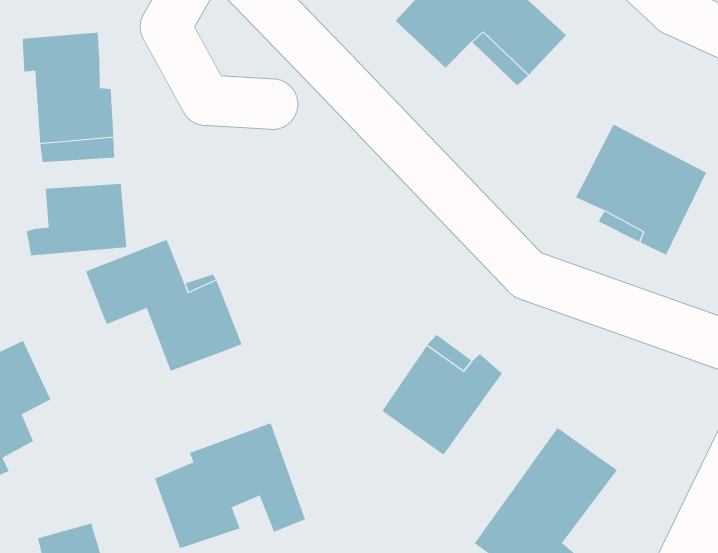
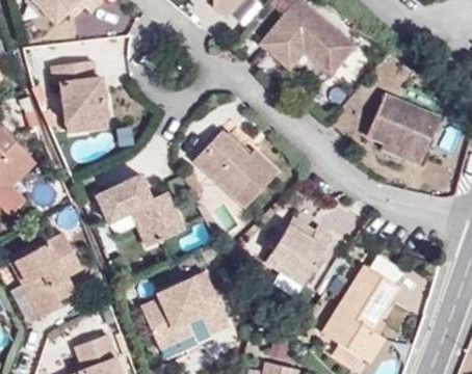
building: none -> [193,129,278,207]
building: [26,183,127,256] -> none

